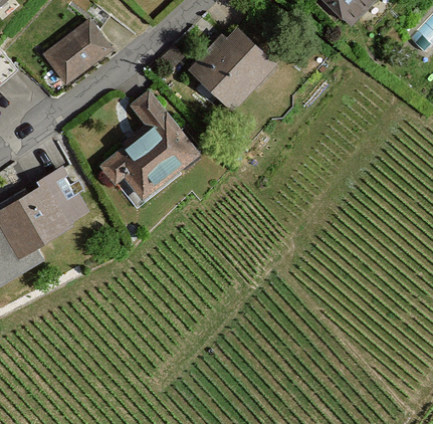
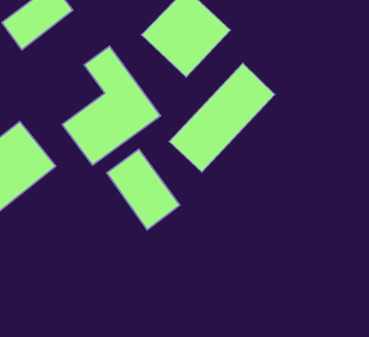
building: none -> [169,63,275,172]
building: none -> [107,149,180,230]

